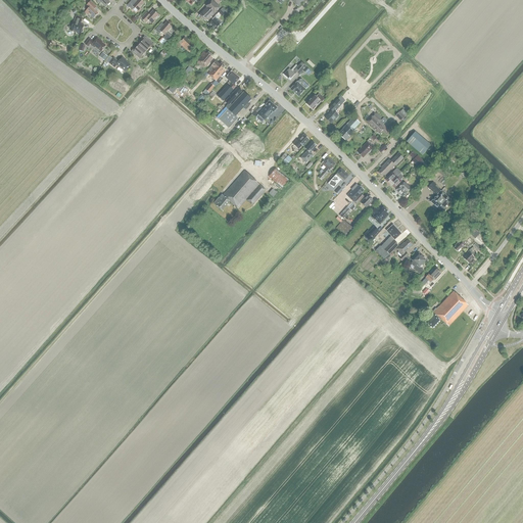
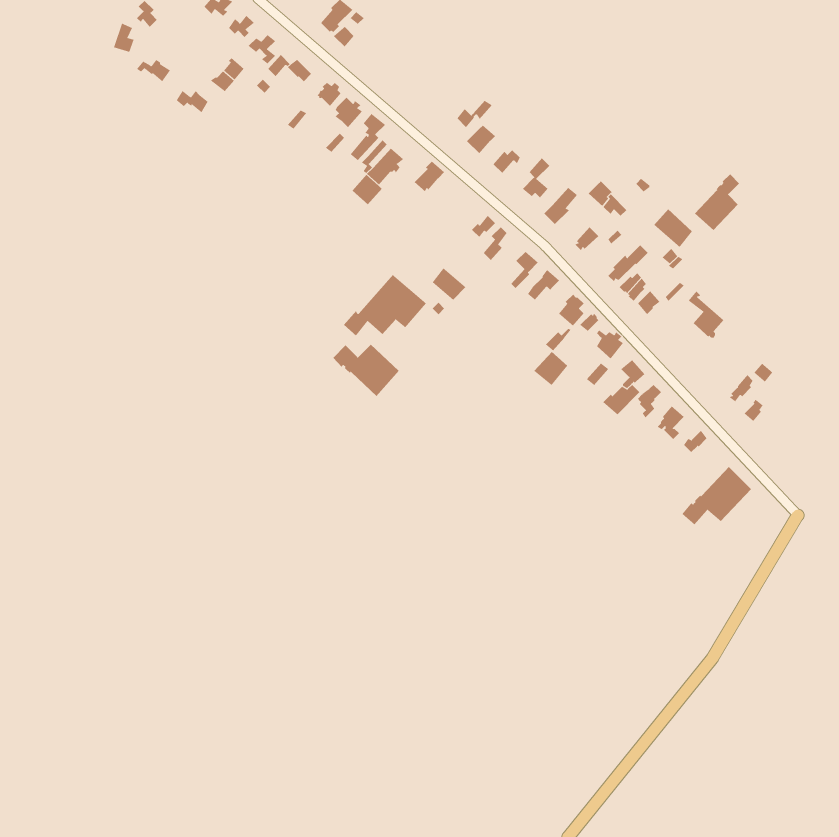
building: none -> [694,173,740,231]
building: none -> [332,344,400,397]

